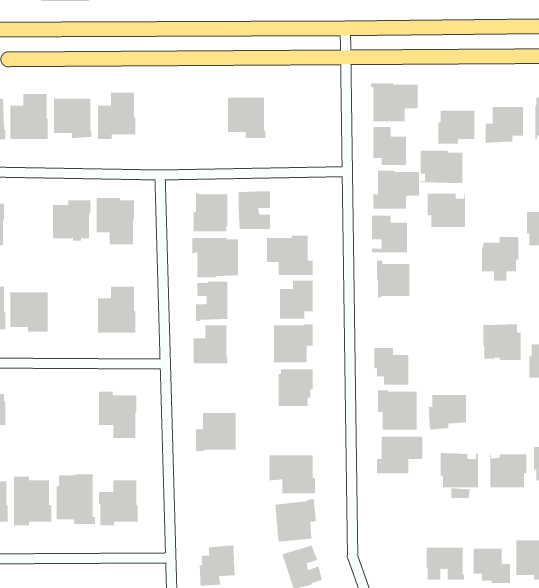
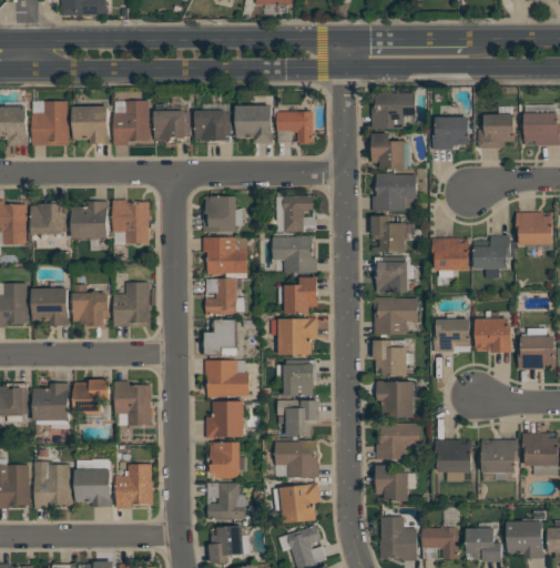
building: none -> [153,111,190,143]
building: none -> [194,111,231,143]
building: none -> [276,112,314,142]
building: [420,150,463,184] -> none
building: [238,191,271,230] -> [283,195,314,232]
building: [427,193,466,228] -> [431,239,468,271]
building: none -> [30,202,65,234]
building: none -> [72,285,109,326]
building: none -> [374,297,417,334]
building: none -> [204,361,248,397]
building: none -> [74,381,109,415]
building: none -> [33,384,69,420]
building: [428,394,467,430] -> [432,320,469,353]
building: none -> [277,400,319,437]
building: none -> [207,442,240,478]
building: none -> [375,465,408,501]
building: none -> [206,483,245,520]
building: none -> [379,517,416,561]

